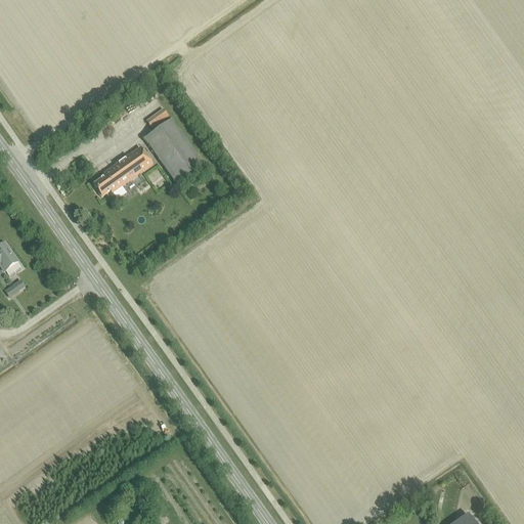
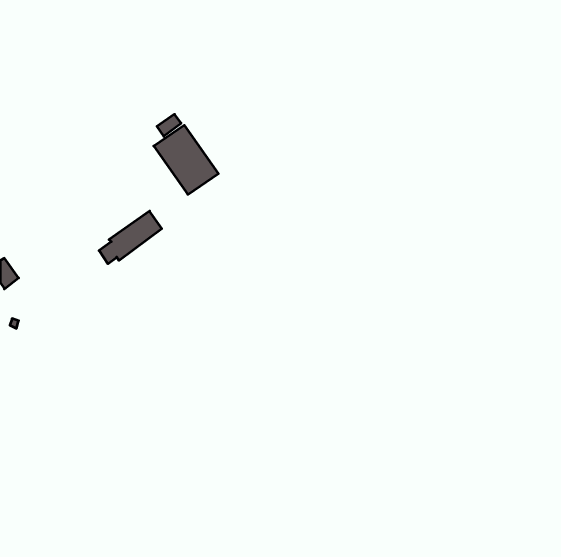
building: [93,144,151,193] -> [99,211,162,264]

